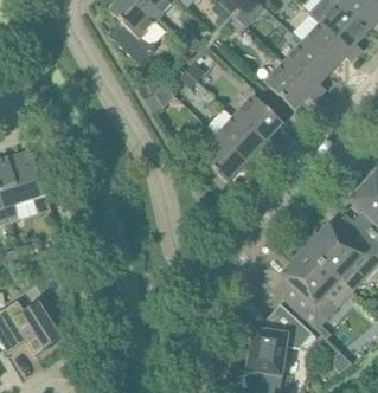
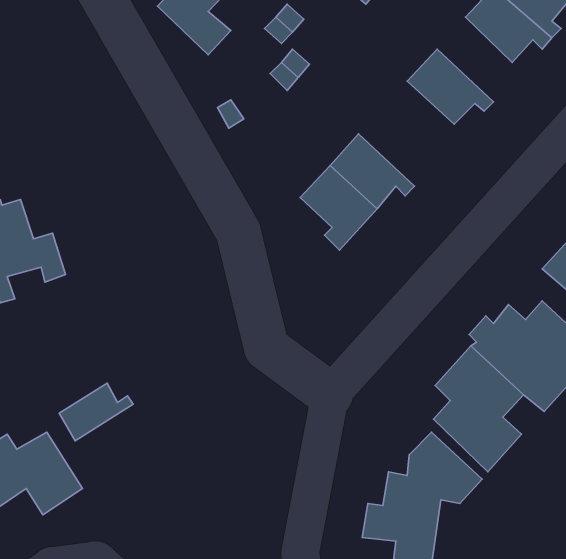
building: [284,40,332,94] -> none
building: [235,94,283,147] -> none
building: none -> [59,383,133,441]

